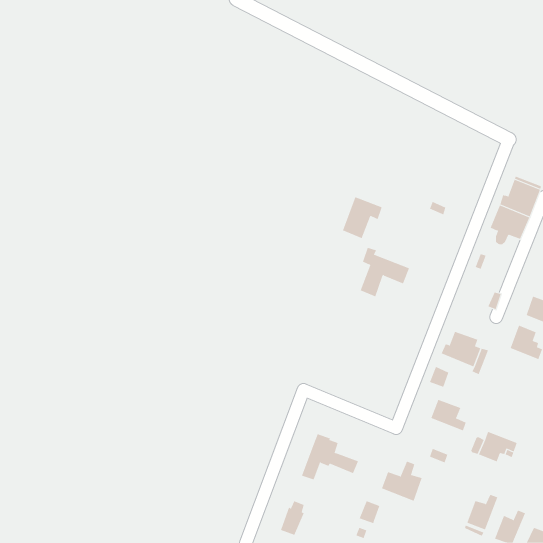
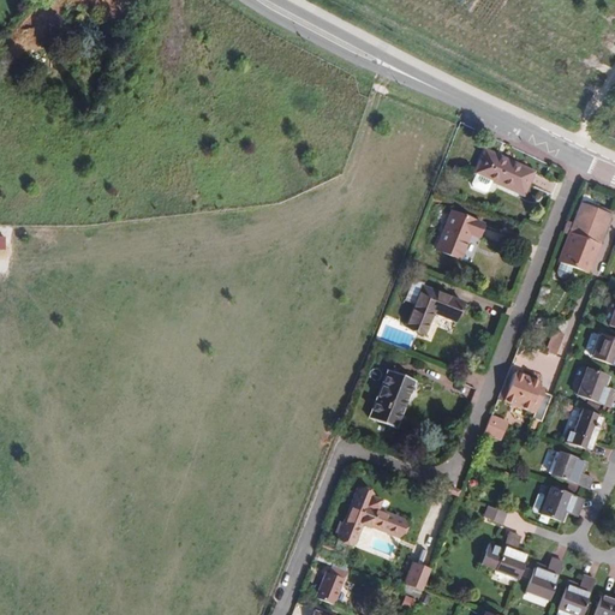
building: none -> [473,149,536,195]
building: [342,196,383,239] -> [437,211,483,259]
building: none -> [372,369,417,426]
building: none -> [566,410,604,450]
building: [430,399,467,431] -> [553,452,593,488]
building: [381,461,423,501] -> [482,532,529,578]

